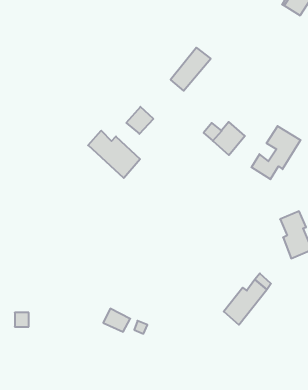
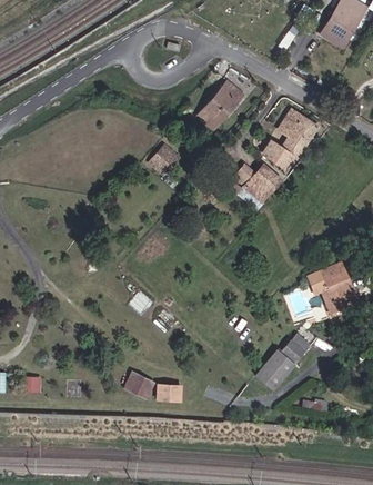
building: [251,126,301,179] -> [262,109,316,168]
building: [88,131,140,178] -> none

